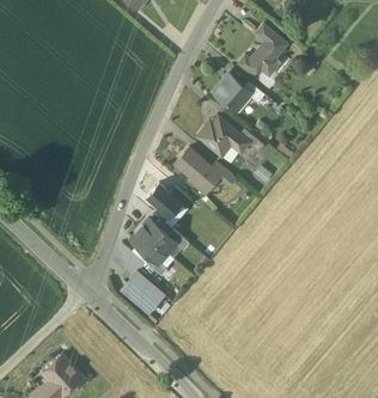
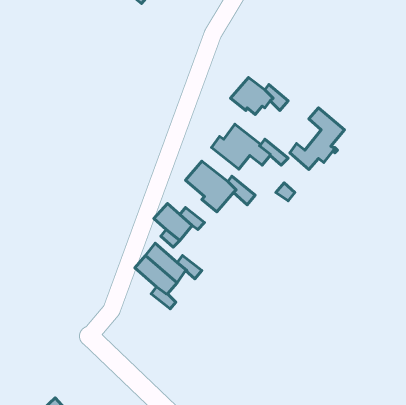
building: [240,23,288,76] -> [290,108,344,169]
building: [122,273,164,313] -> none

